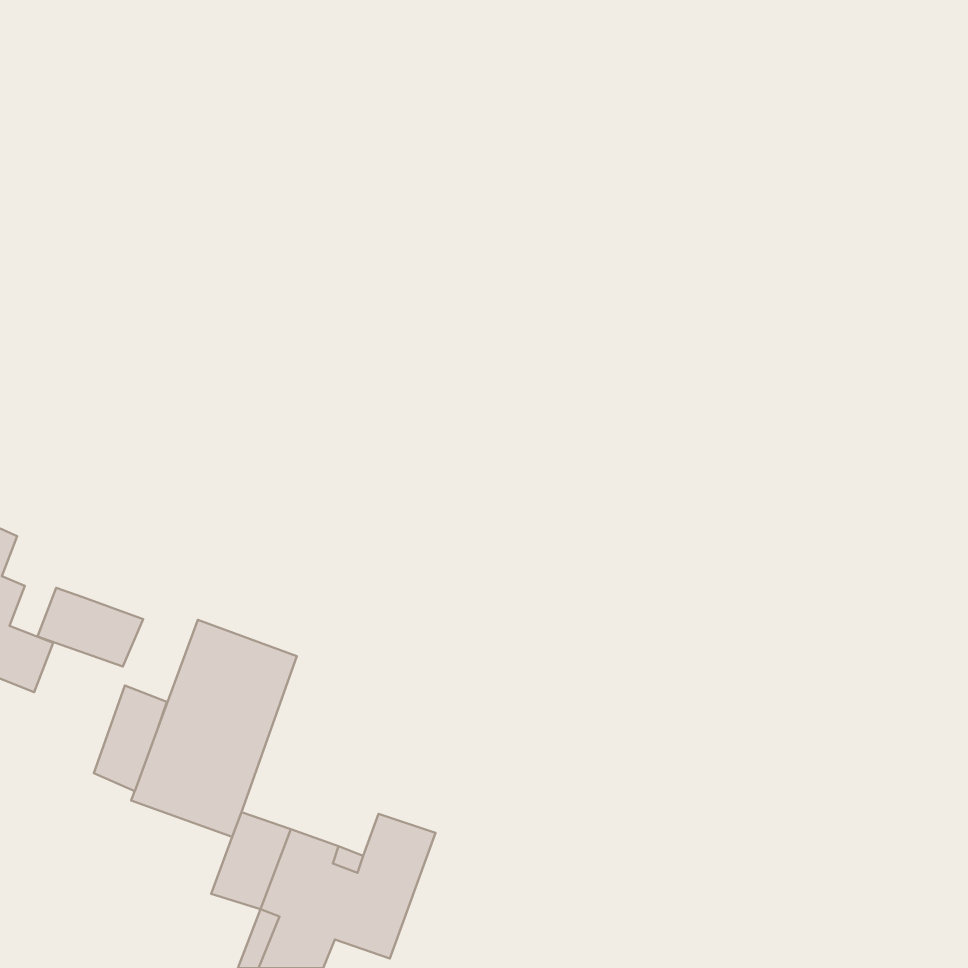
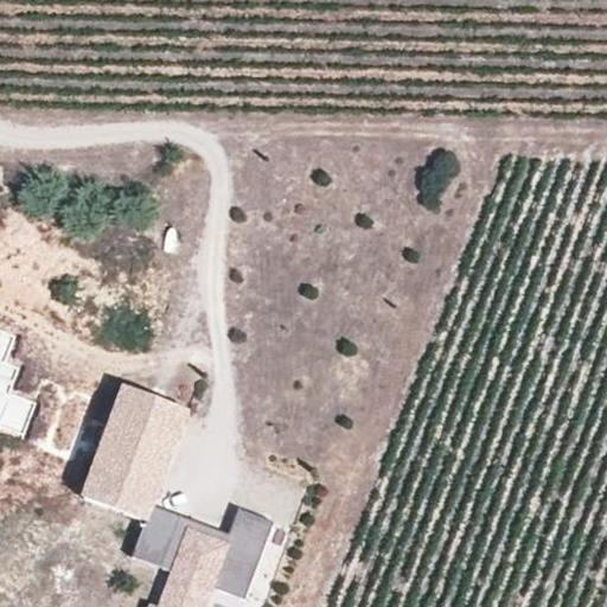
building: [37,588,143,667] -> none
building: [94,686,167,791] -> none

